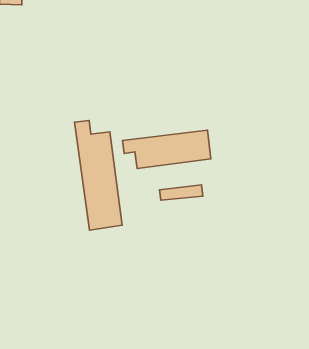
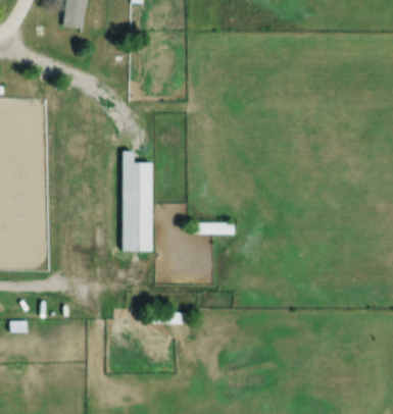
building: [122,130,211,168] -> none

